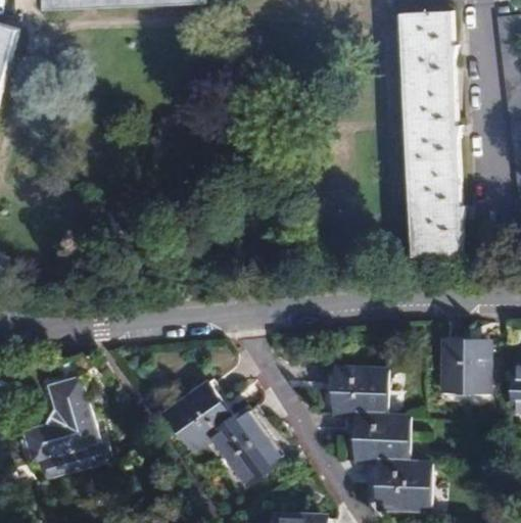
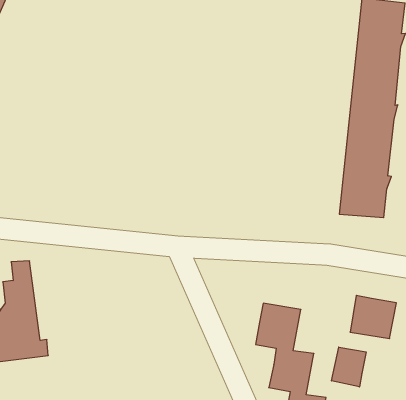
building: [171,384,279,482] -> none
building: none -> [332,347,366,387]

